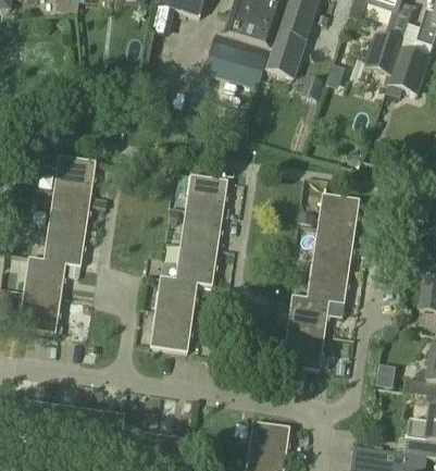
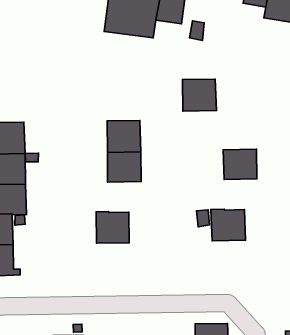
building: [316,191,359,233] -> [183,79,216,111]
building: [175,243,217,284] -> none
building: [307,261,349,302] -> none
building: [150,310,192,350] -> none
building: [282,329,325,369] -> none

